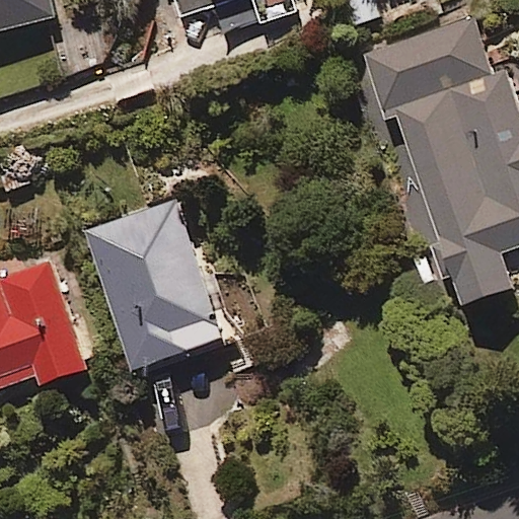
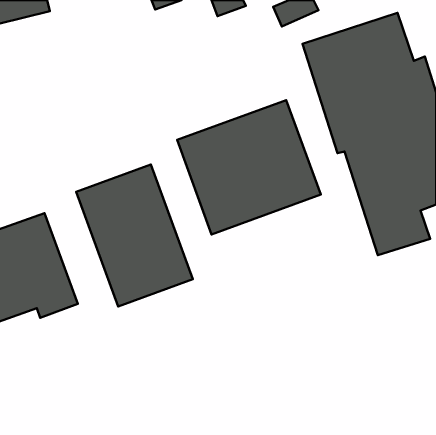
building: none -> [177,100,321,234]

